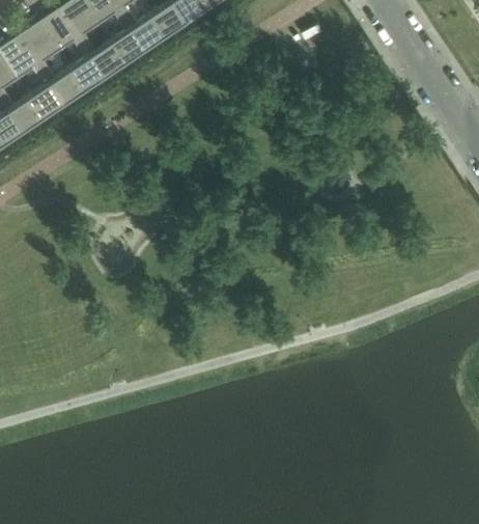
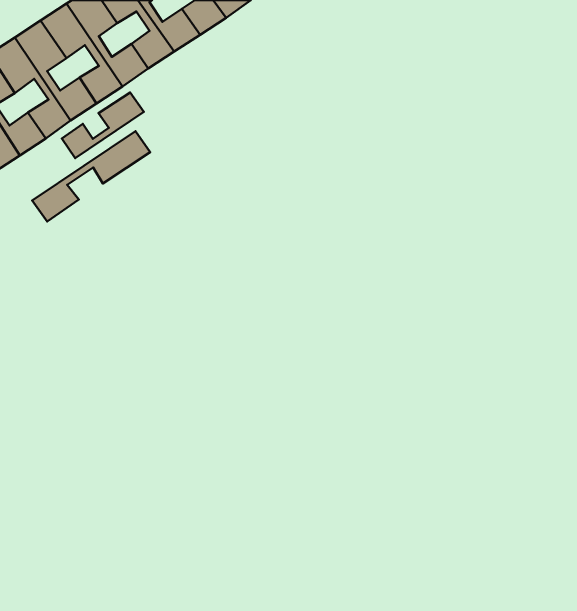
building: none -> [62,92,144,158]
building: none -> [32,131,150,221]

